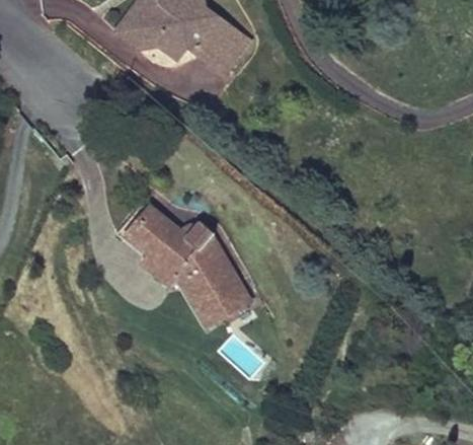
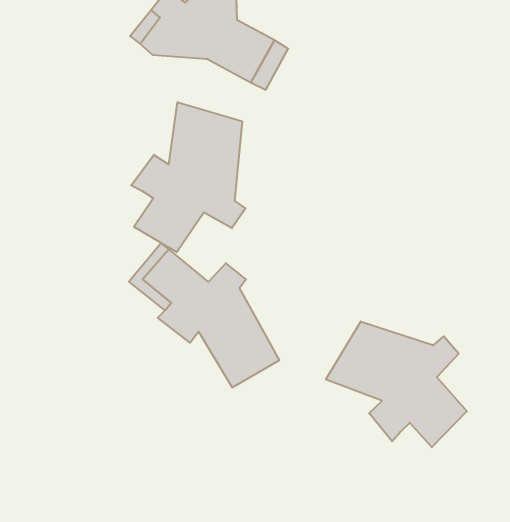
building: none -> [131,102,245,252]
building: none -> [326,321,467,447]

